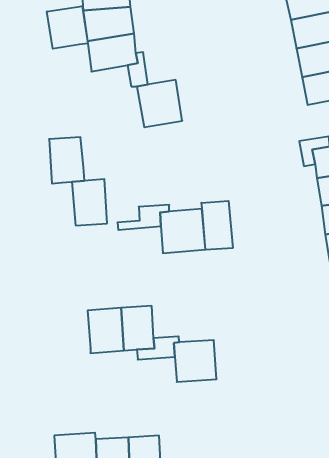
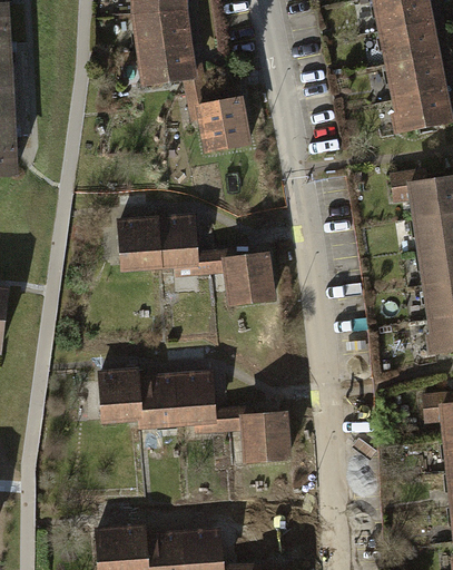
building: [47,6,88,49] -> none
building: [49,137,84,184] -> [156,216,198,272]
building: [201,201,233,250] -> none
building: none -> [95,368,139,425]

